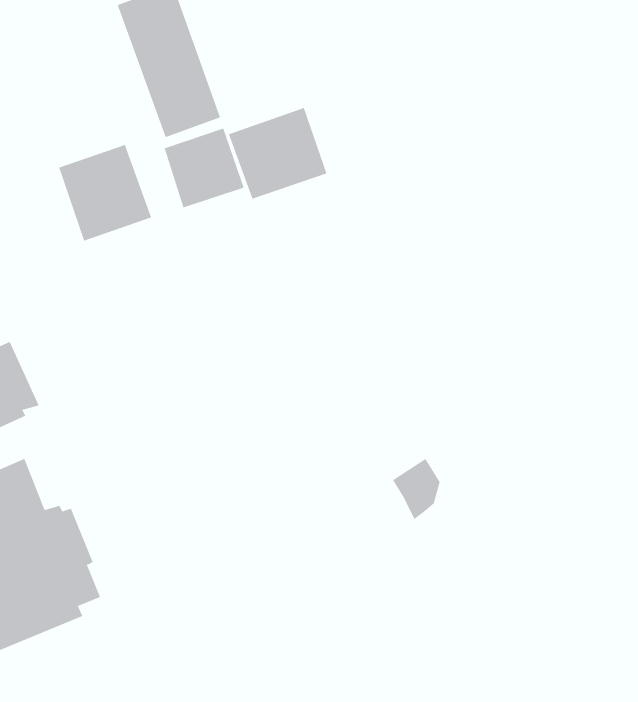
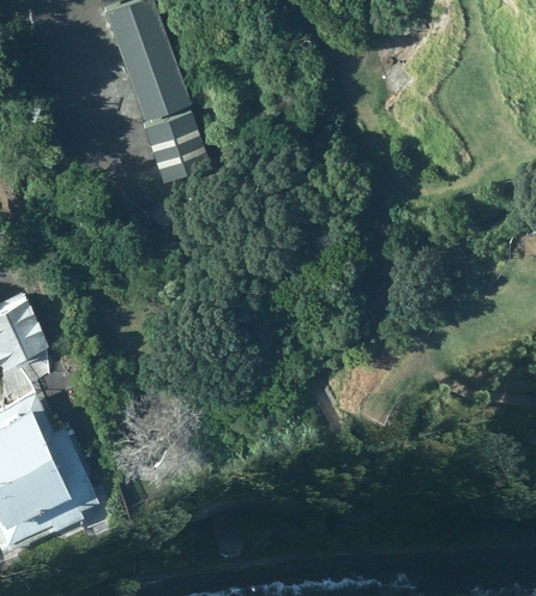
building: [228,107,327,199] -> none
building: [58,144,152,242] -> none

